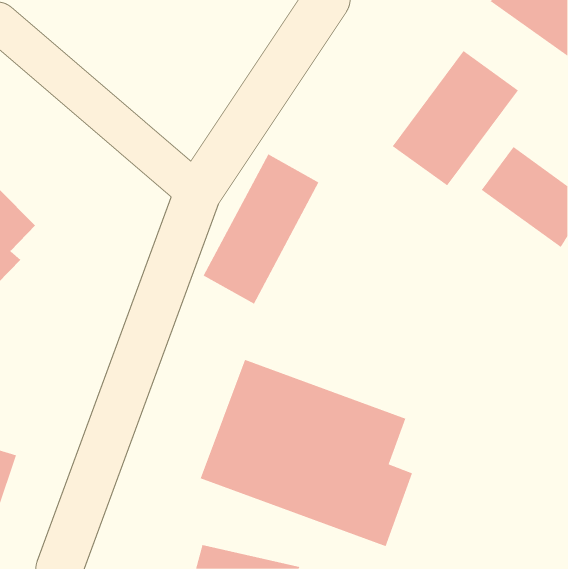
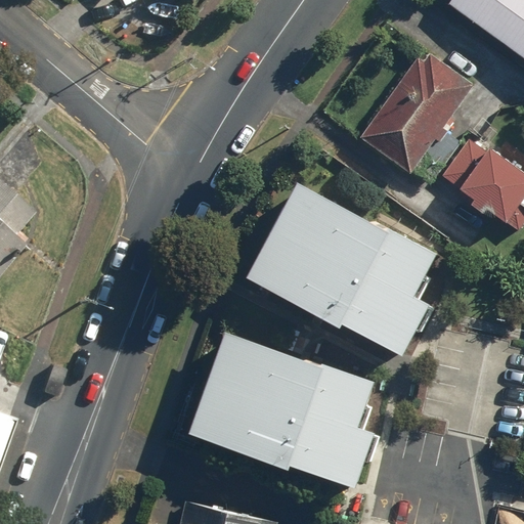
building: [203,154,319,305] -> none
building: none -> [247,183,438,362]

